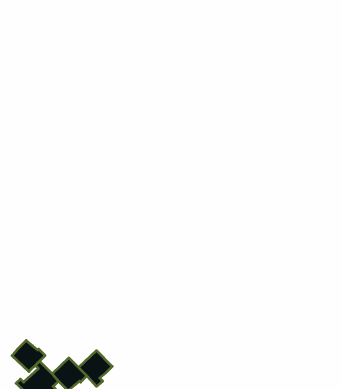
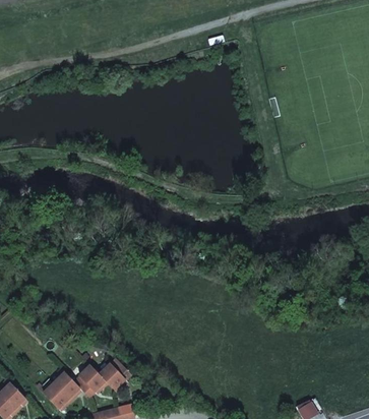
building: [12,340,45,372] -> none

